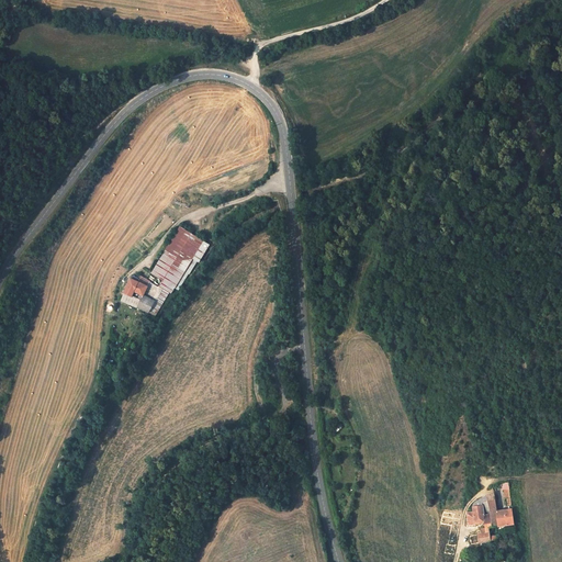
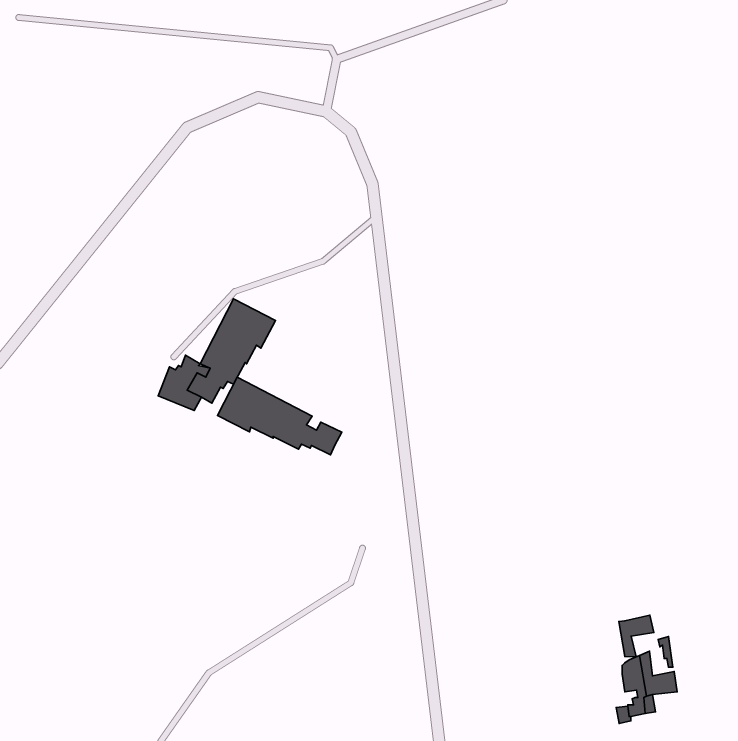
building: none -> [217,377,342,455]
building: none -> [619,615,654,657]

